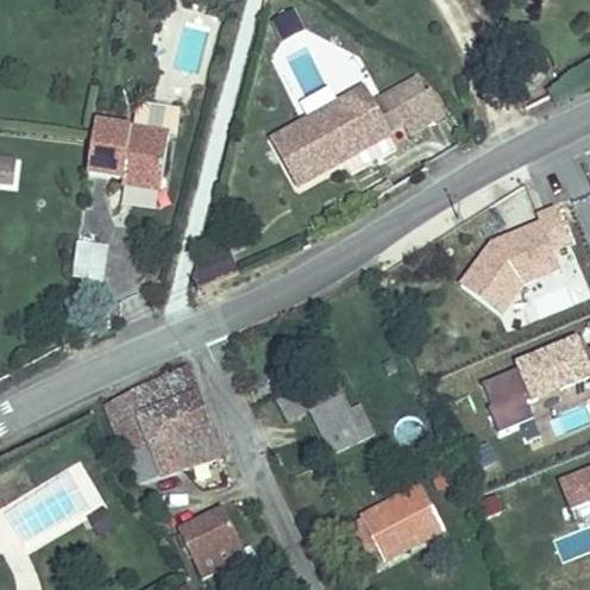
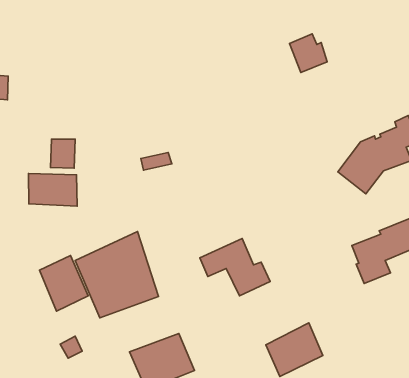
building: [281,96,391,183] -> none
building: [82,103,174,193] -> none
building: none -> [29,173,77,206]
building: none -> [40,256,88,311]

